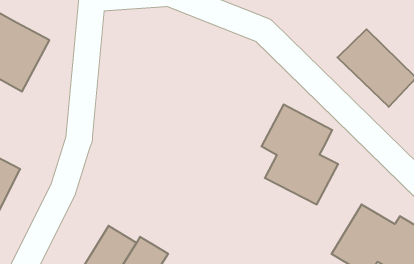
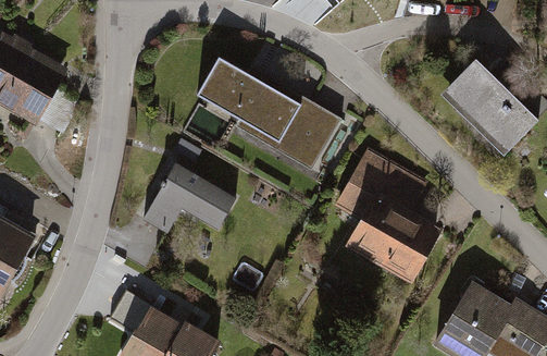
building: none -> [190,53,346,177]
building: none -> [132,154,245,236]

